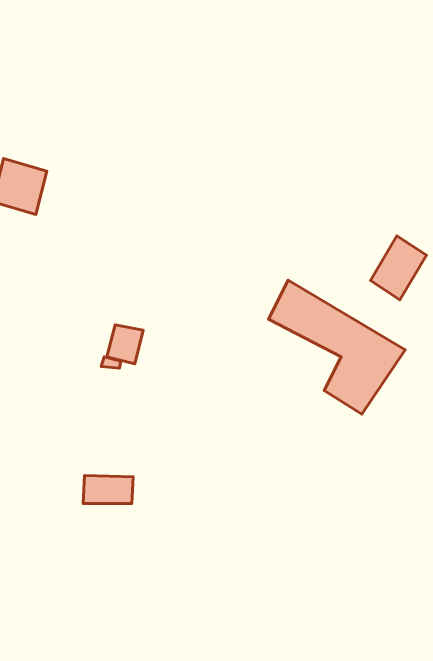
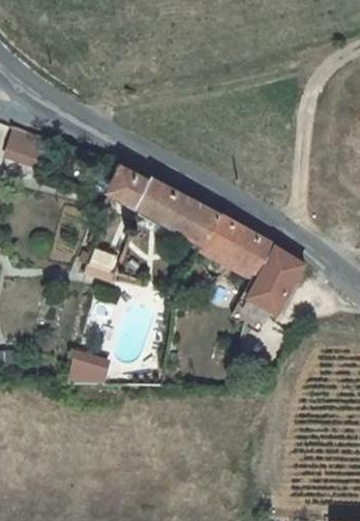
building: none -> [114,167,221,244]
building: [370,236,426,300] -> none

